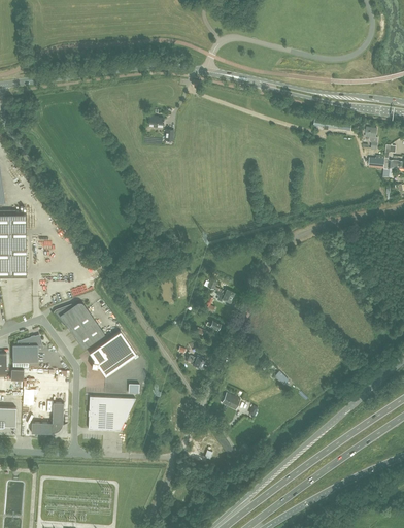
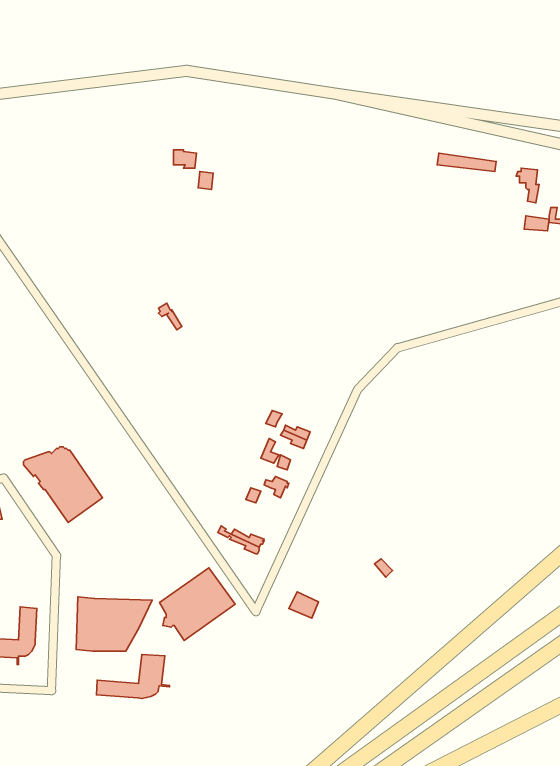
building: [90,331,137,376] -> [159,568,235,640]
building: none -> [96,655,170,698]

